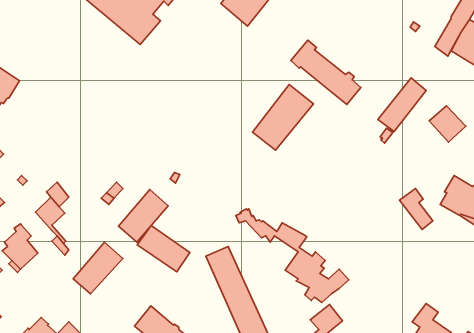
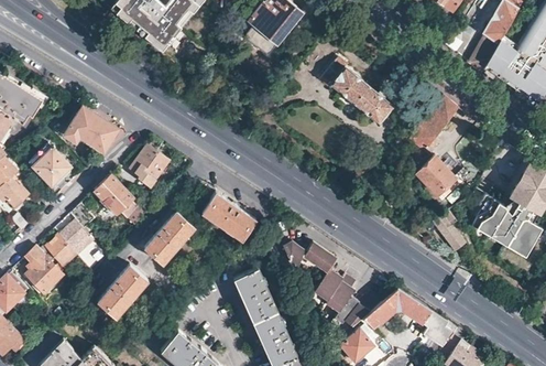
building: [253,85,313,150] -> none
building: none -> [64,106,118,152]
building: [429,106,466,142] -> [416,157,454,194]
building: none -> [29,143,72,185]
building: none -> [129,144,168,185]
building: none -> [95,174,133,214]
building: none -> [45,234,76,267]
building: [137,226,190,272] -> [201,193,255,240]
building: none -> [362,289,452,347]

